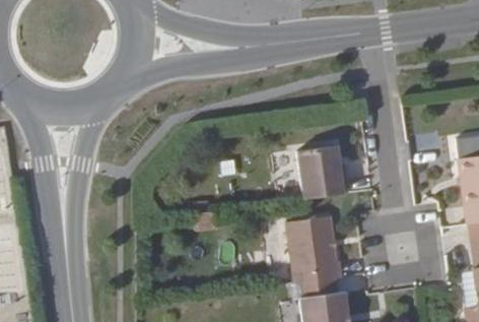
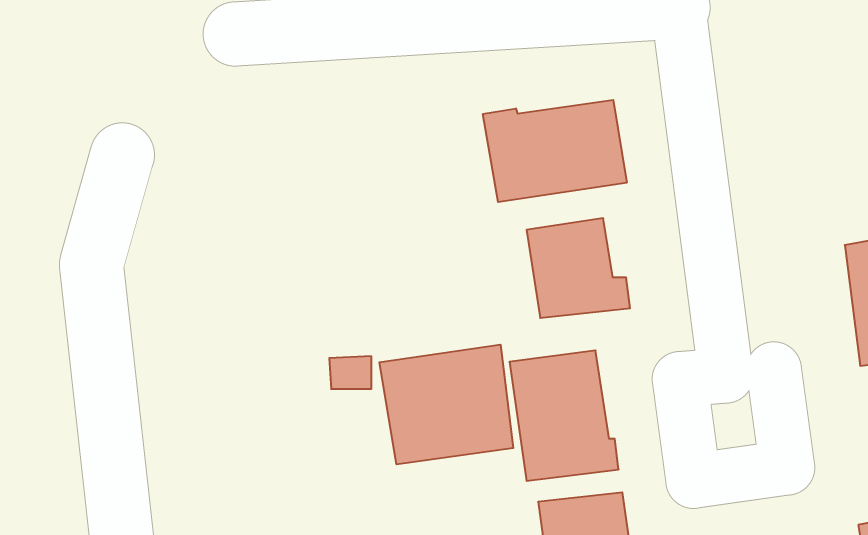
building: none -> [483,100,627,202]
building: none -> [379,345,513,464]

